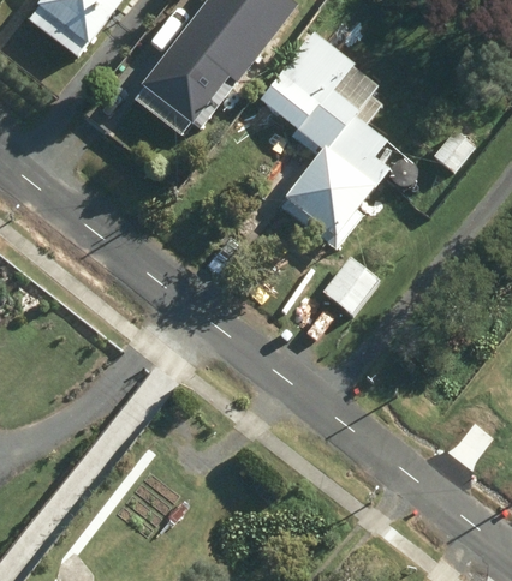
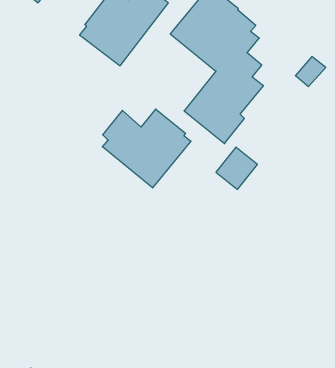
building: none -> [102,109,191,188]

